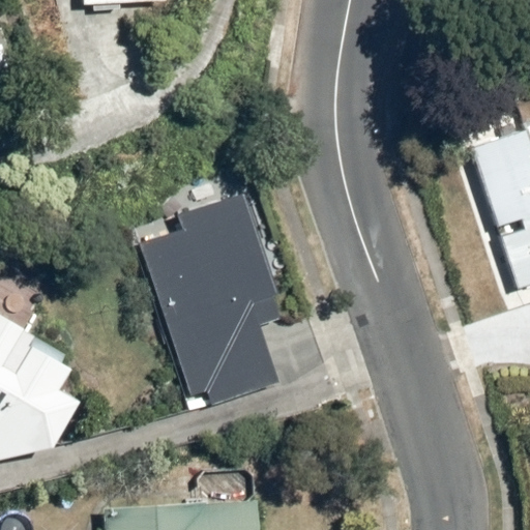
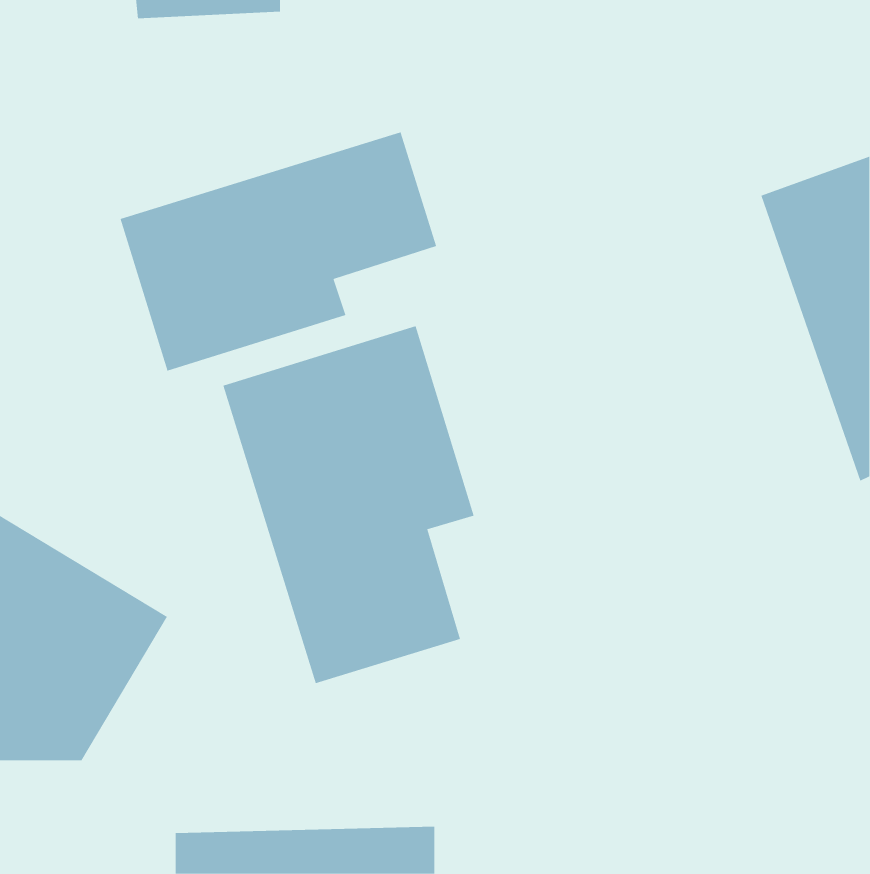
building: none -> [120,132,437,372]

